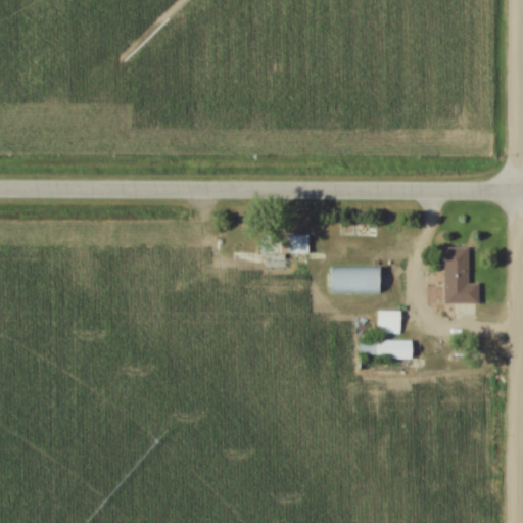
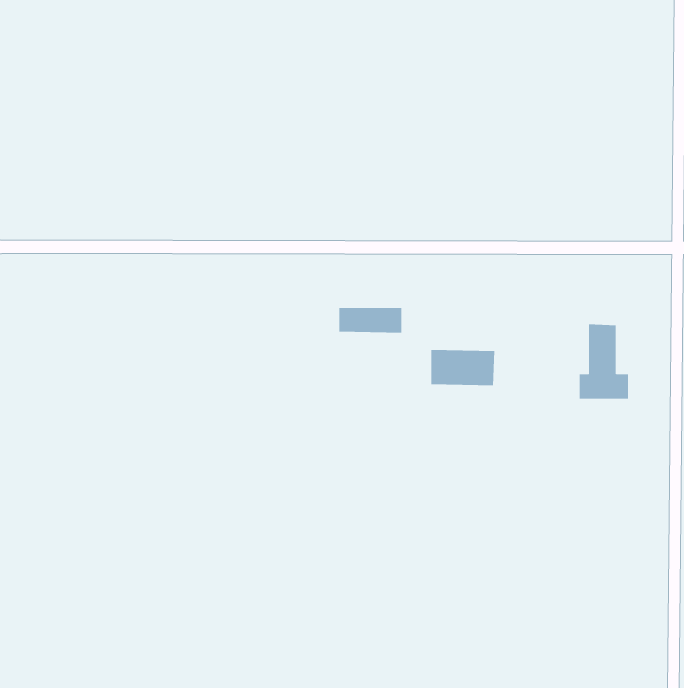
building: [378,311,401,330] -> none
building: [361,340,411,358] -> none

